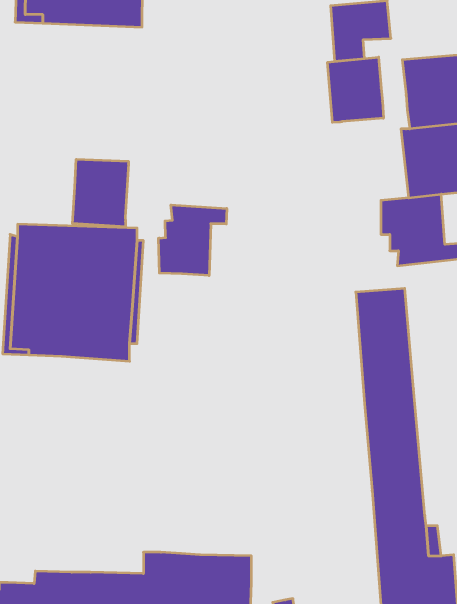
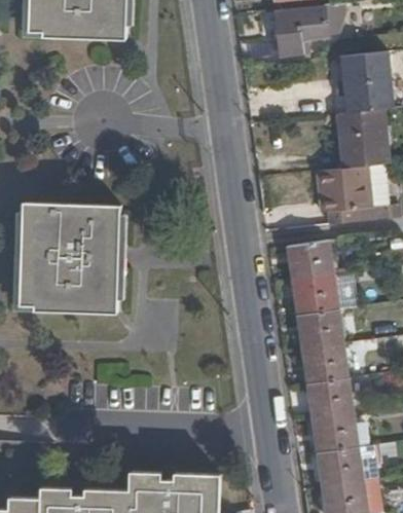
building: [328,57,383,122] -> none
building: [72,159,128,227] -> none
building: [158,205,227,276] -> none

